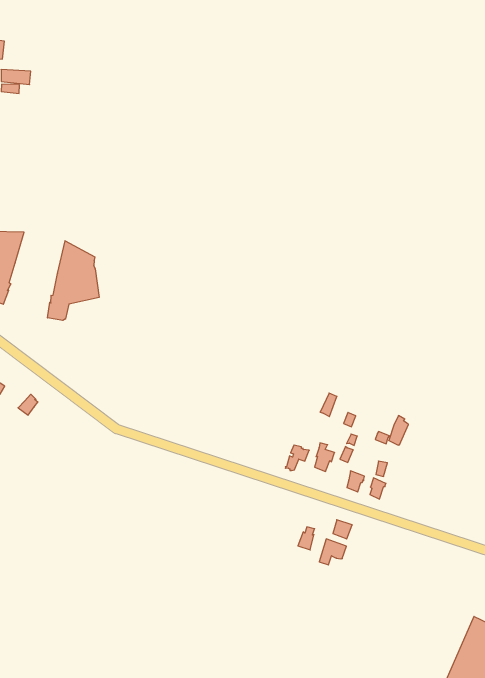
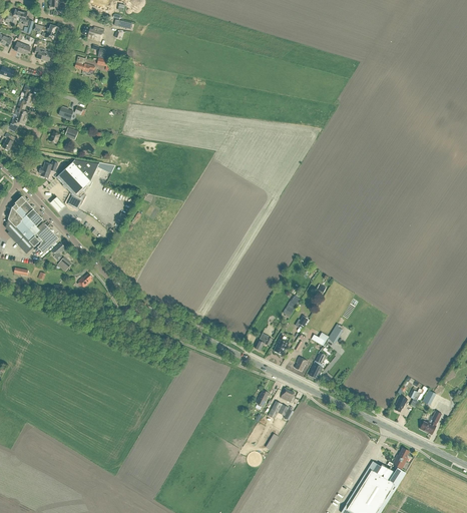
building: [48,241,99,320] -> none

